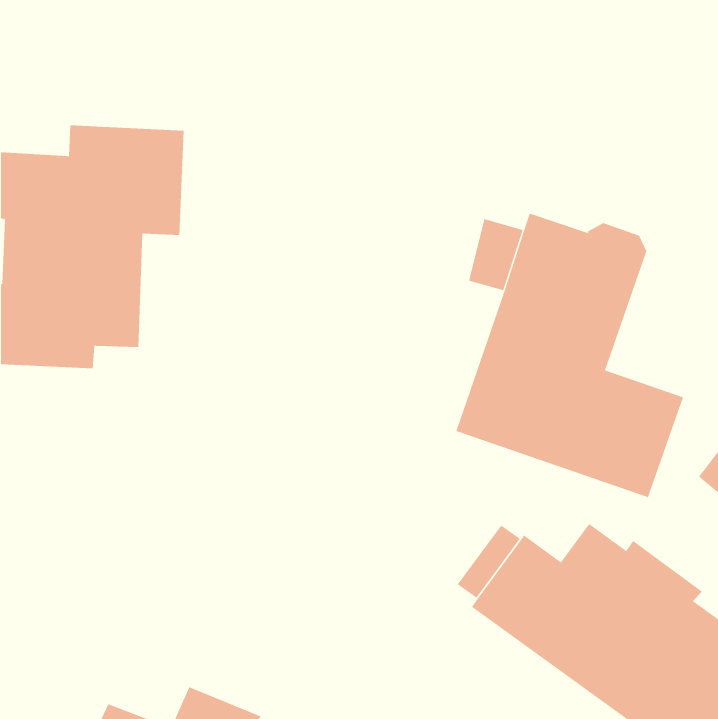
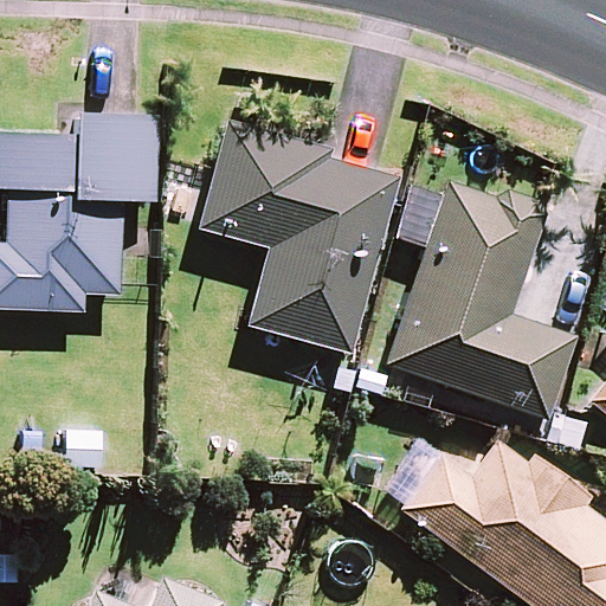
building: none -> [201,123,397,353]

